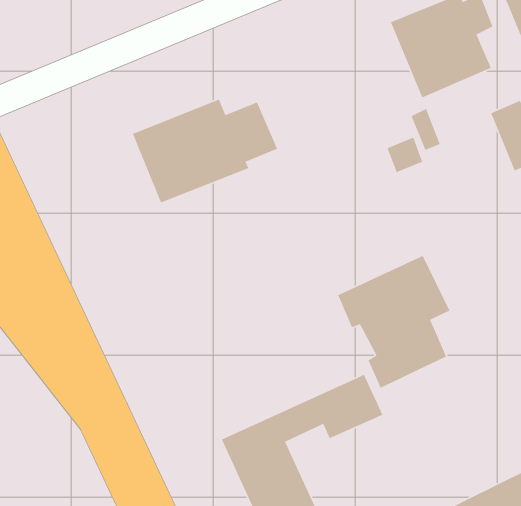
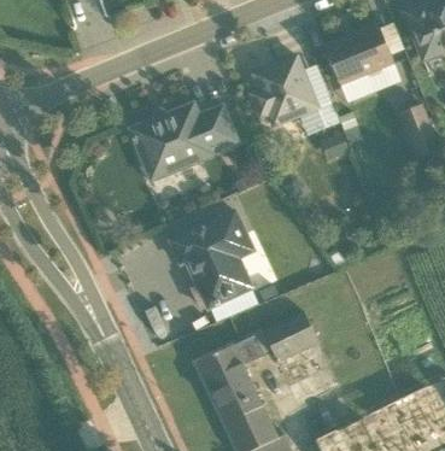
building: none -> [250,54,340,135]
building: [337,255,450,389] -> [170,210,256,311]

